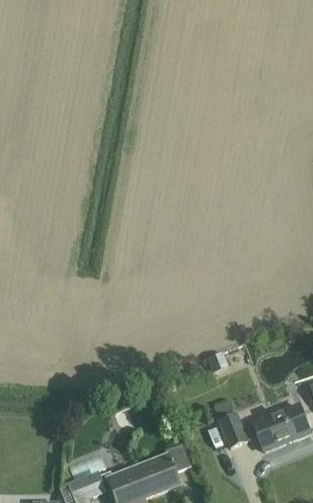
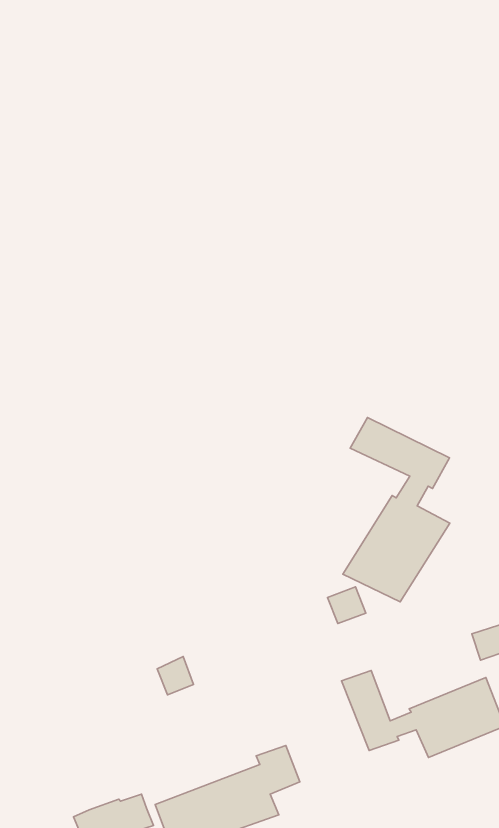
building: none -> [343,418,450,602]

